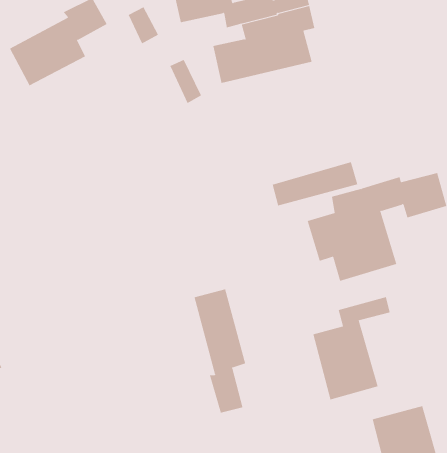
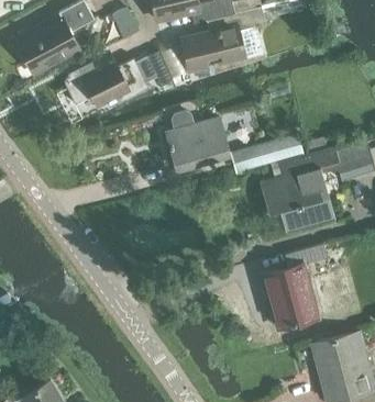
building: none -> [64,53,148,105]
building: none -> [165,111,229,169]
building: [194,289,246,414] -> none

